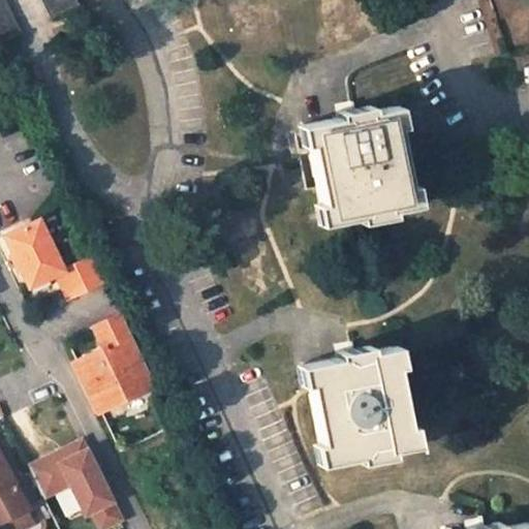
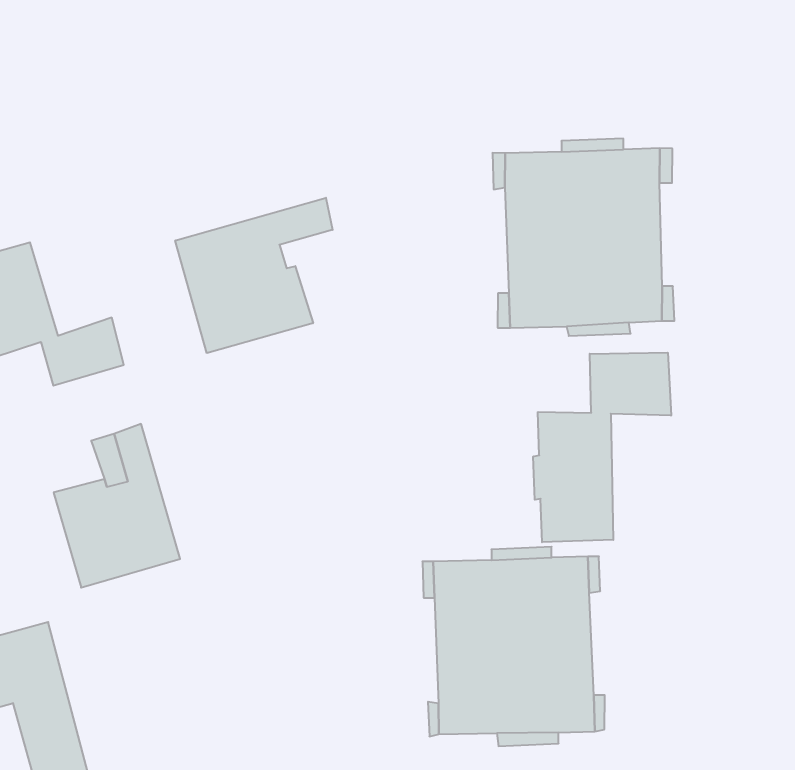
building: none -> [175,198,333,353]
building: none -> [533,353,671,542]

